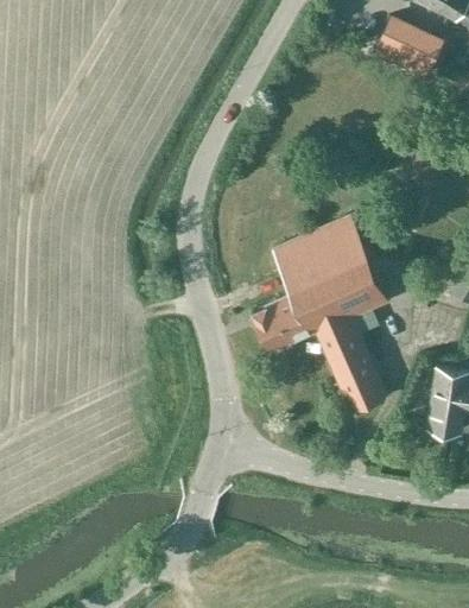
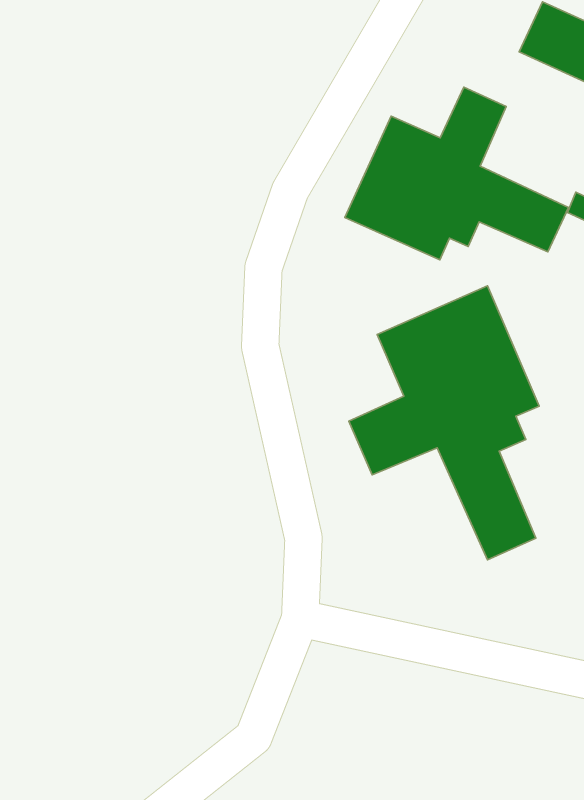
building: none -> [345,87,569,260]

